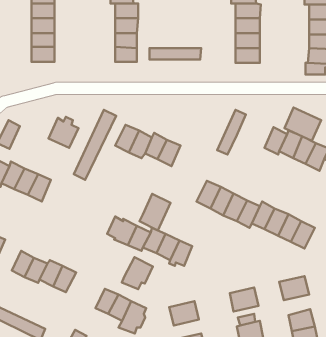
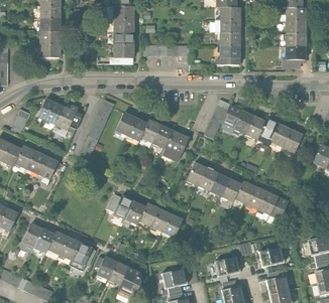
building: [284,108,321,141] -> [221,103,253,132]
building: none -> [38,99,64,124]
building: [139,194,170,230] -> [160,130,188,162]
building: [122,257,153,289] -> [69,242,96,270]

